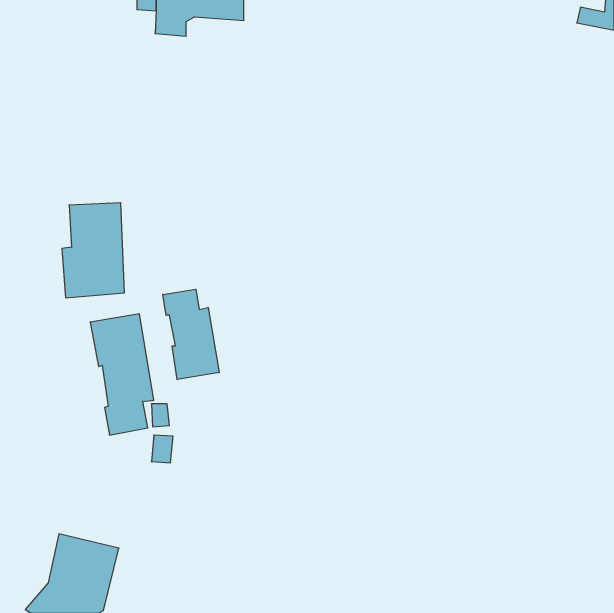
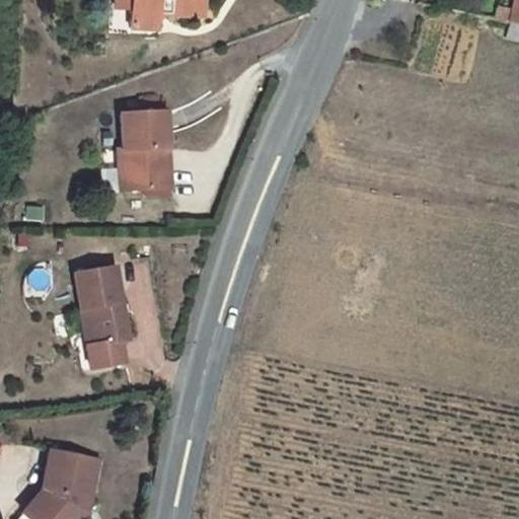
building: [62,203,124,298] -> [117,113,169,193]
building: [163,289,219,380] -> none

